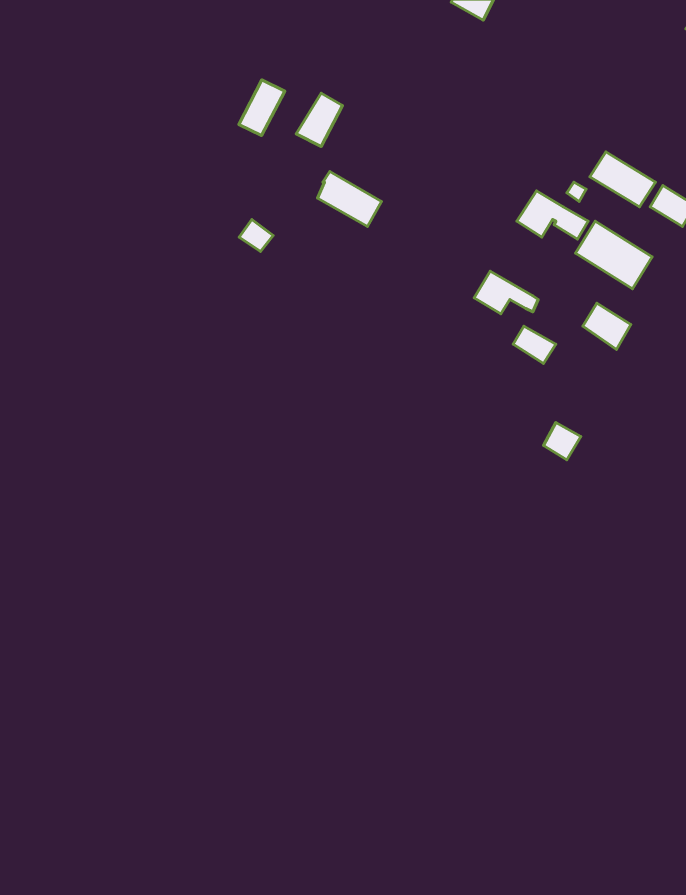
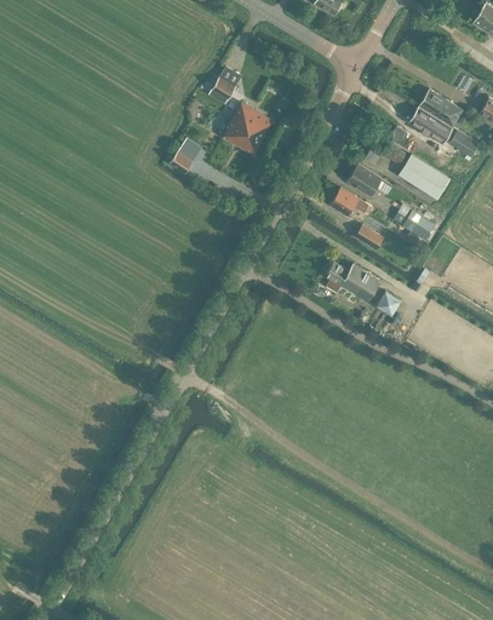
building: [239,80,285,136] -> none
building: none -> [419,90,463,127]
building: none -> [231,103,276,140]
building: none -> [348,163,394,196]
building: none -> [325,262,382,302]

